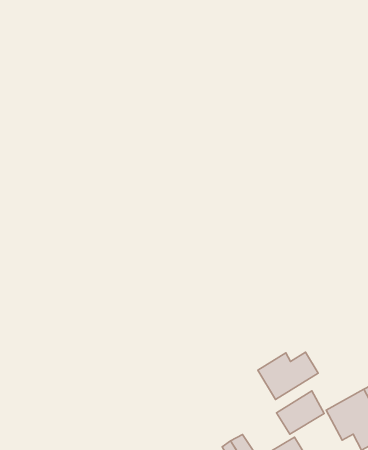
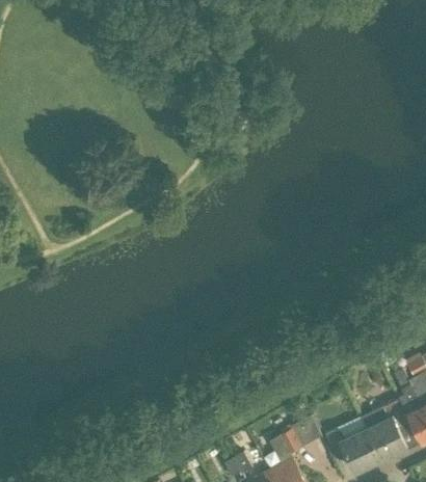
building: [258,352,318,400] -> none

